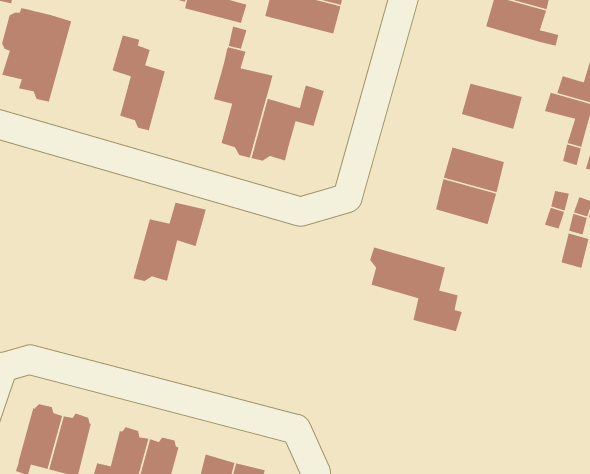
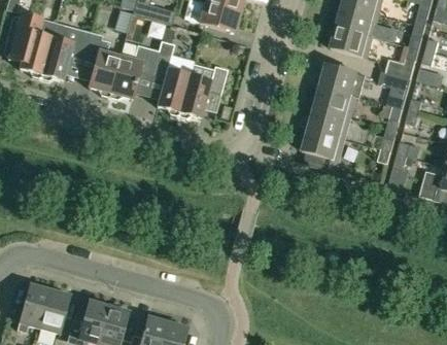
building: none -> [40,22,90,80]
building: none -> [331,26,373,58]
building: none -> [314,85,356,117]
building: [133,202,207,282] -> [108,44,159,99]
building: [369,247,463,332] -> none

